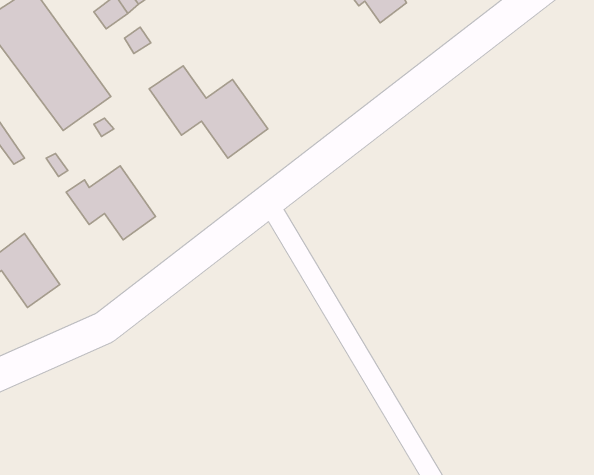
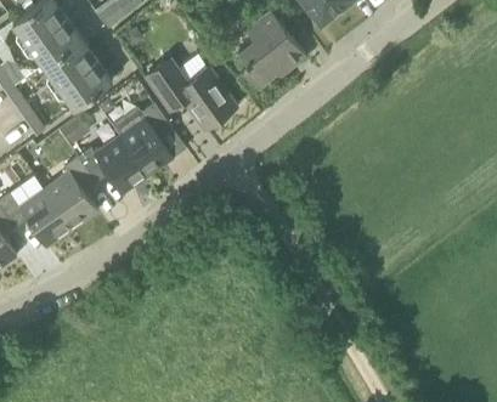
building: none -> [239,10,306,87]
building: none -> [111,102,173,175]
building: none -> [44,155,97,228]

